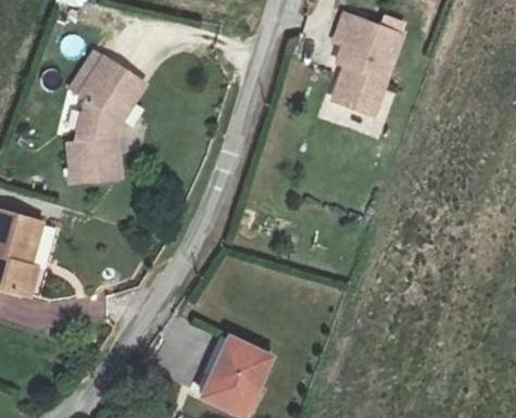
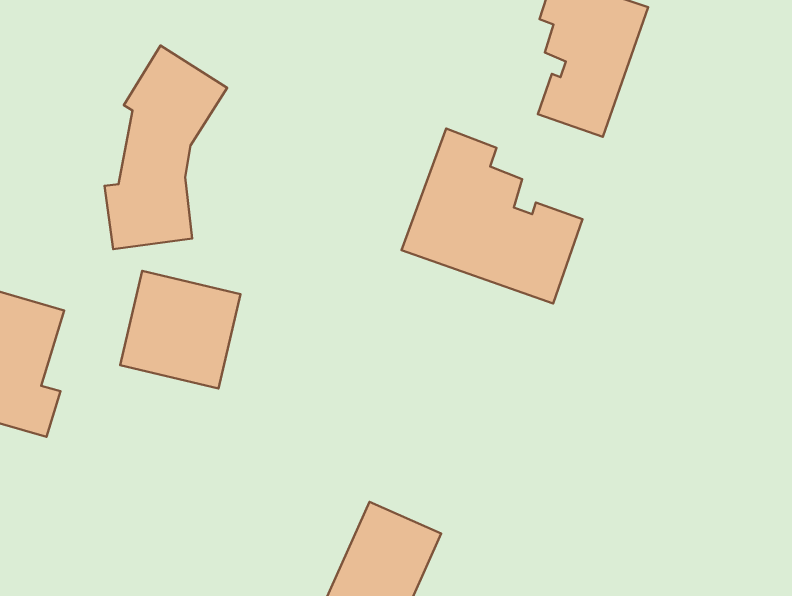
building: none -> [402,129,583,303]
building: none -> [120,271,240,389]

